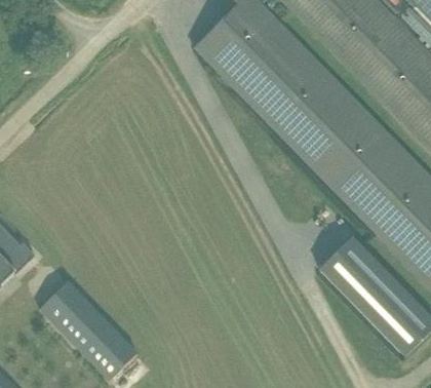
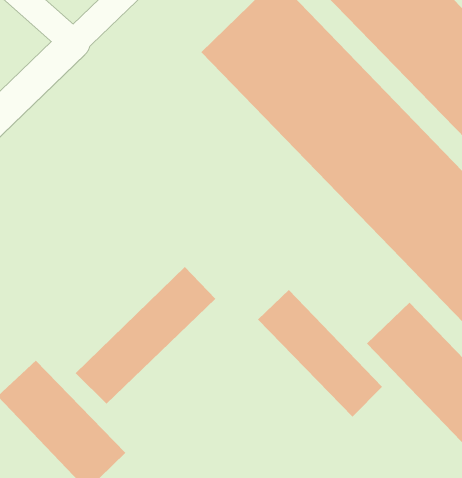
building: none -> [75,266,216,404]
building: none -> [257,289,383,418]

